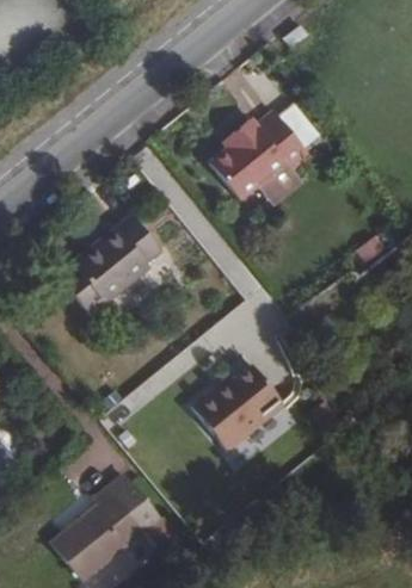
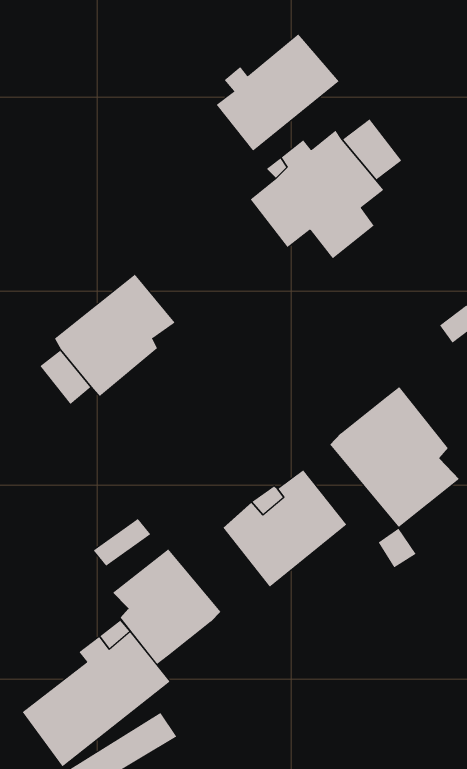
building: none -> [216,33,340,151]
building: none -> [329,386,460,528]
building: none -> [112,548,221,665]

